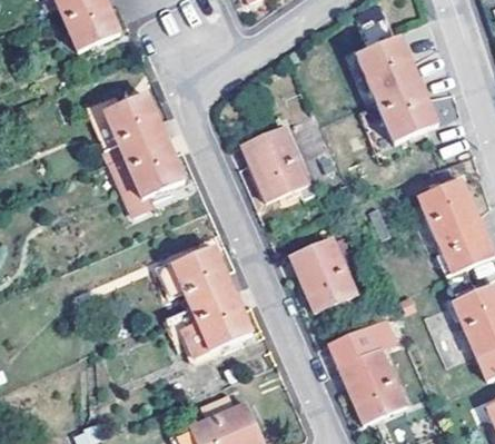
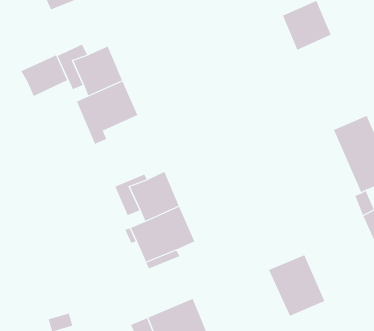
building: [374,81,435,144] -> none
building: none -> [20,54,68,97]
building: [242,127,307,199] -> none
building: [291,238,357,310] -> none
building: [329,318,395,367] -> none

